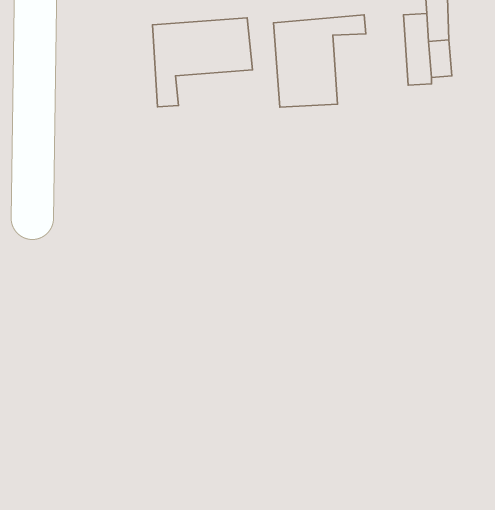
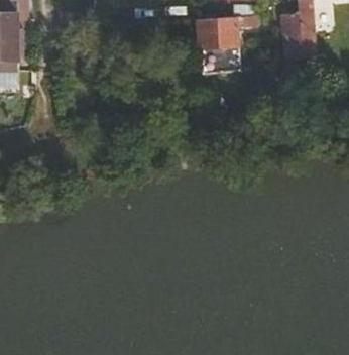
building: [153,18,252,107] -> none

